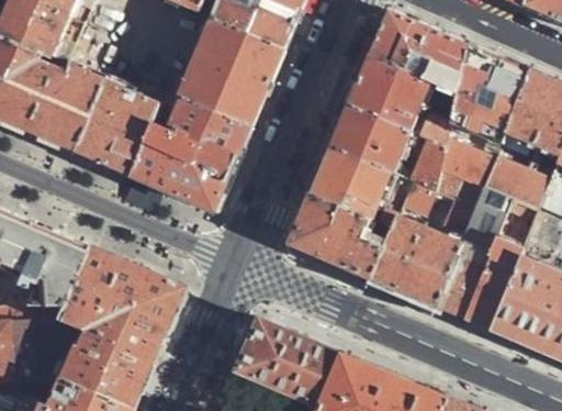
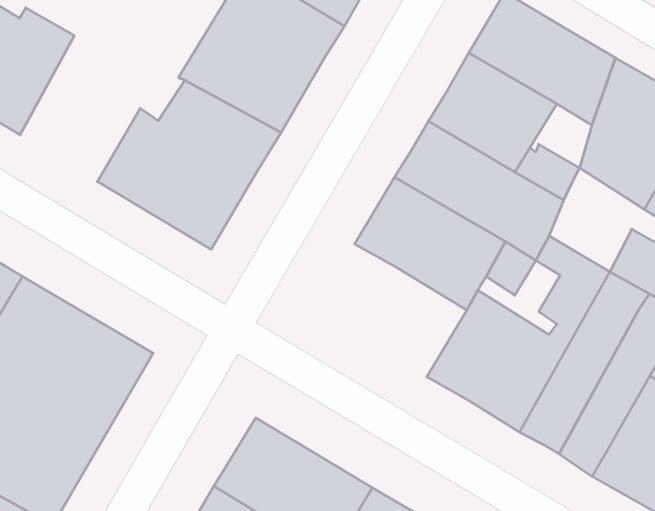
building: [76,80,161,176] -> none
building: [439,140,494,190] -> none
building: [291,195,391,277] -> none

